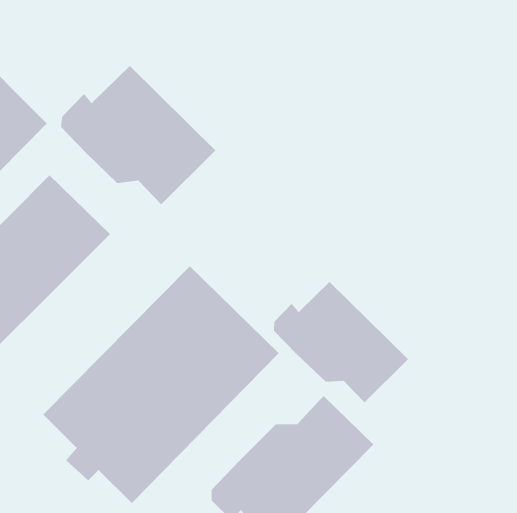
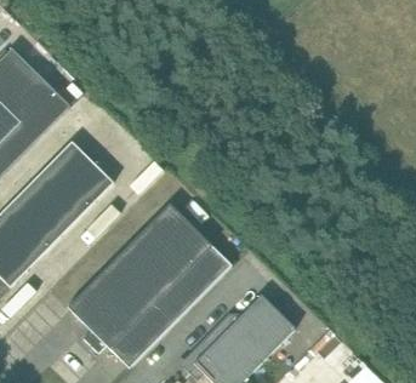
building: [60,65,216,205] -> none
building: [273,281,409,403] -> none

